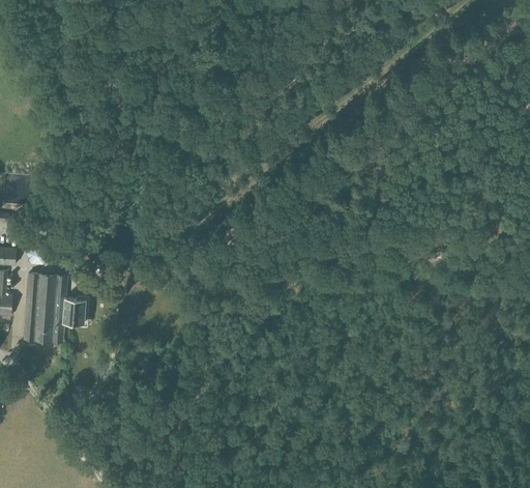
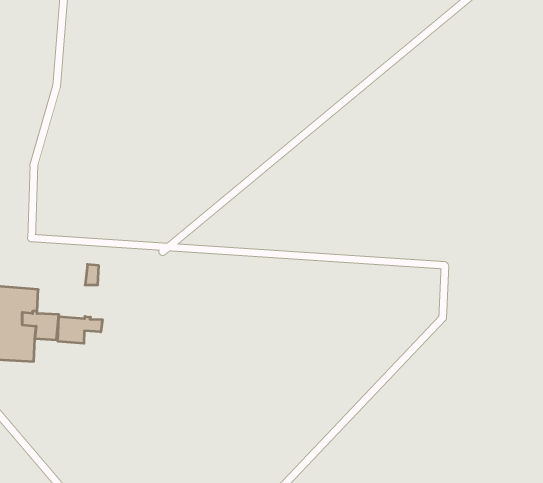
building: none -> [58,316,102,343]

